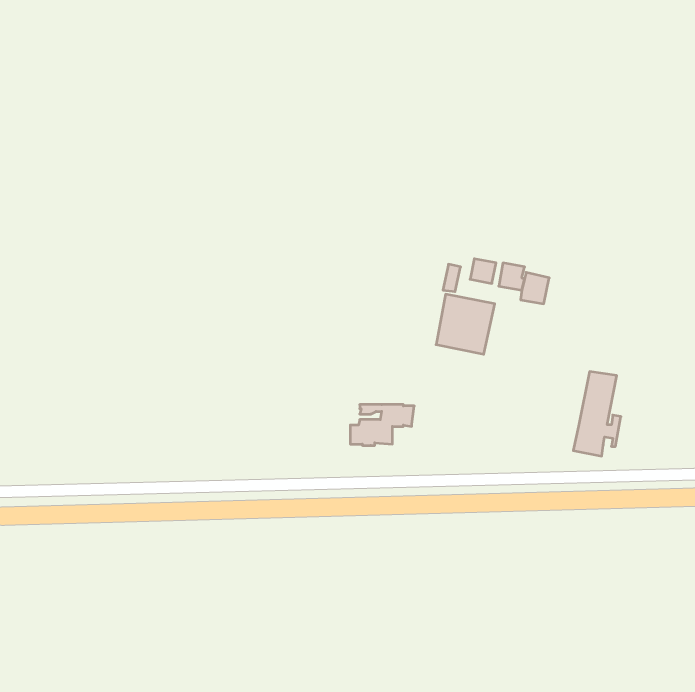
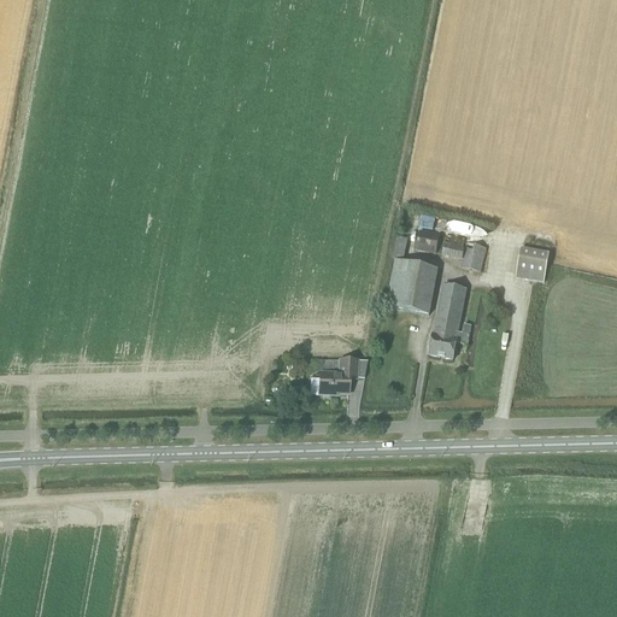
building: none -> [515,246,548,280]
building: [573,372,621,456] -> [428,283,470,358]

